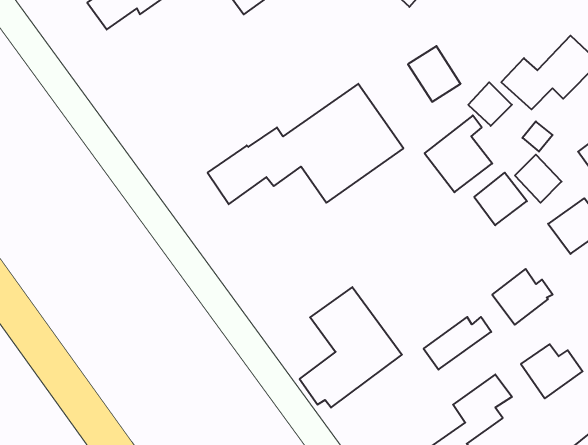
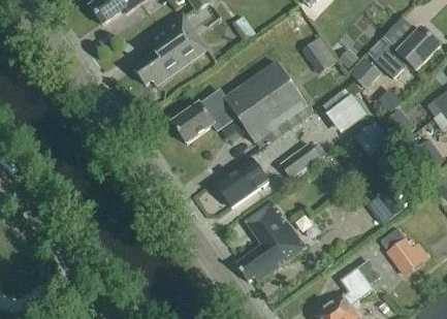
building: none -> [133,11,207,84]
building: none -> [216,159,267,205]
building: [424,317,491,370] -> [280,142,326,179]

